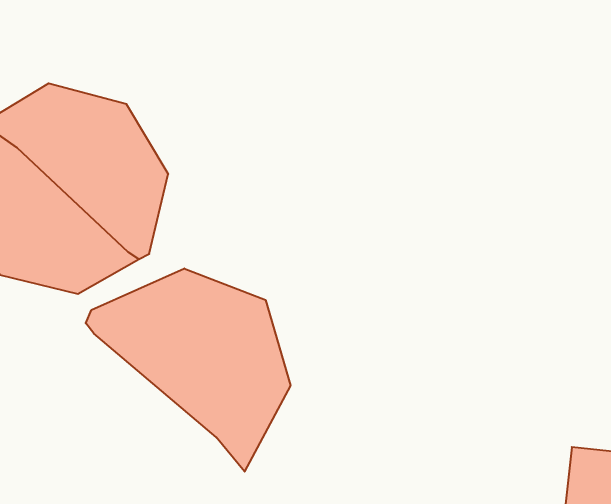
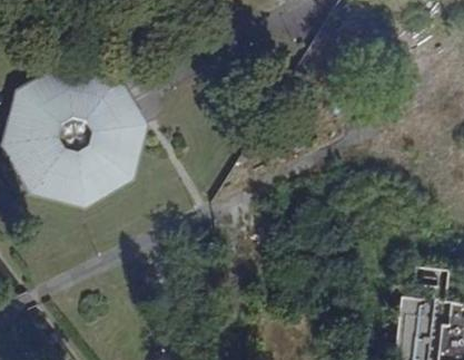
building: [86,268,290,472] -> none

